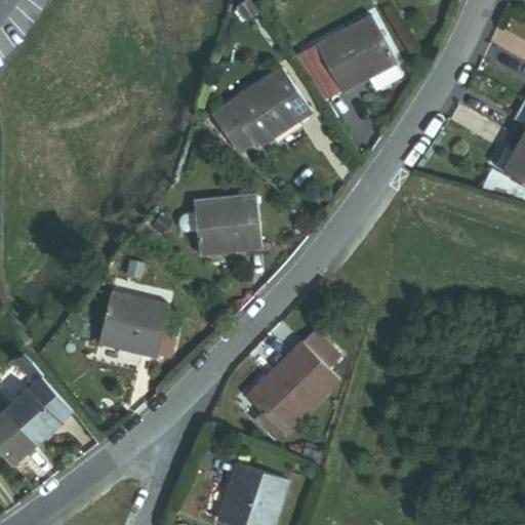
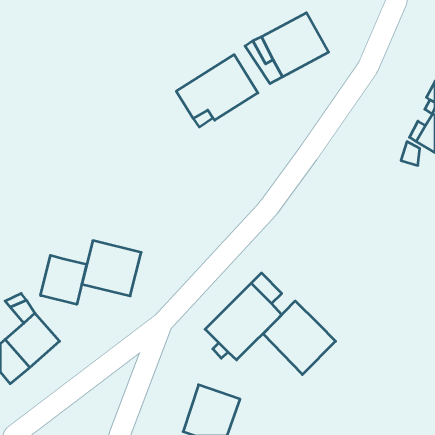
building: [194,195,260,253] -> none
building: none -> [41,255,87,304]
building: none -> [263,301,336,375]

